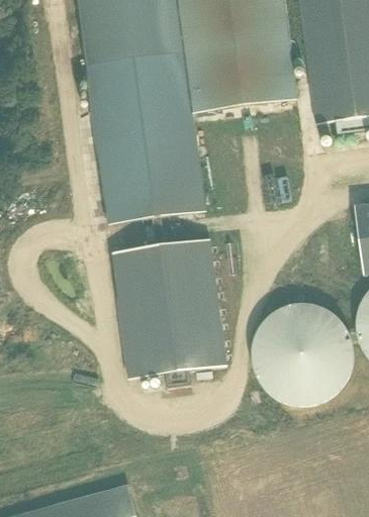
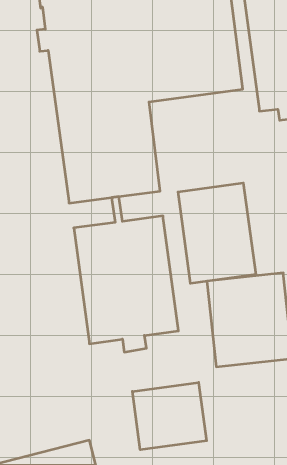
building: none -> [178,183,256,283]
building: none -> [132,382,207,450]

